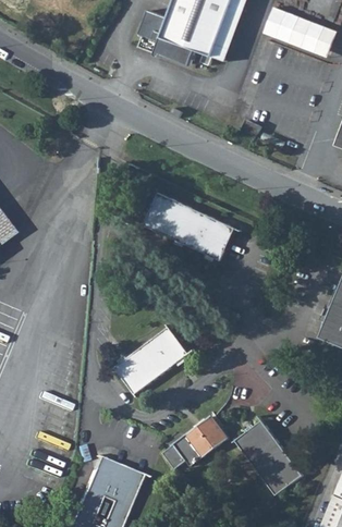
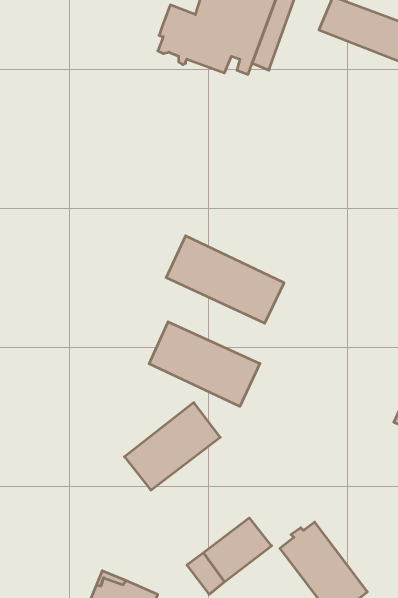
building: none -> [149,322,260,406]

